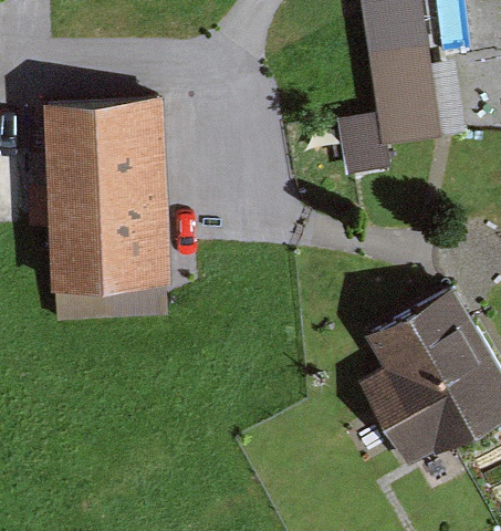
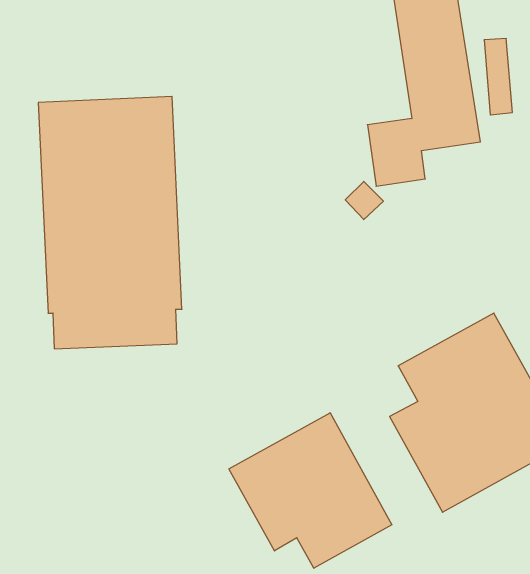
building: none -> [229,413,392,568]

